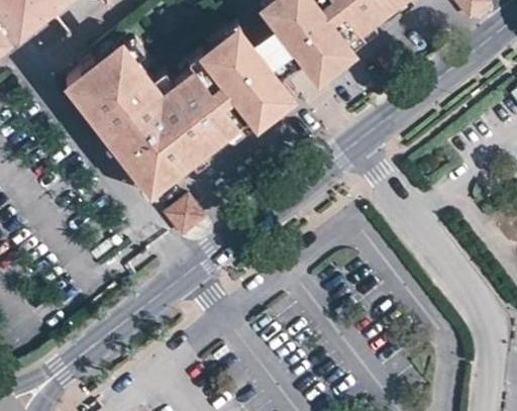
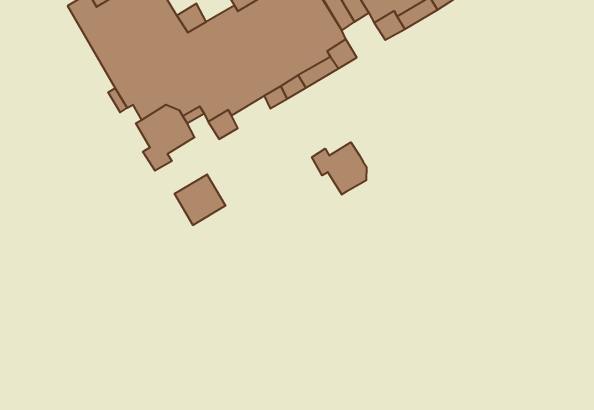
building: none -> [312,142,367,195]

